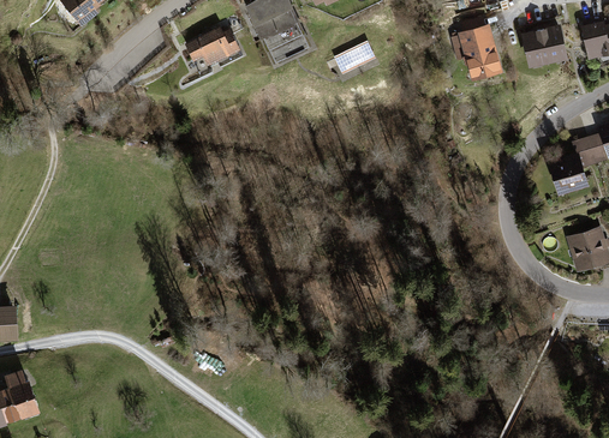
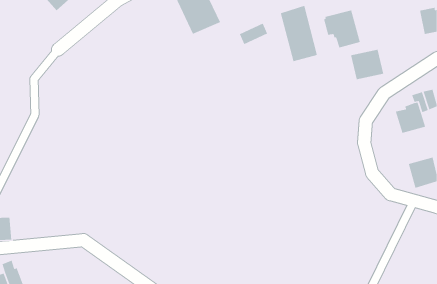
building: none -> [280,5,318,62]
building: [521,23,568,66] -> [350,49,384,80]
building: [184,26,240,64] -> none

